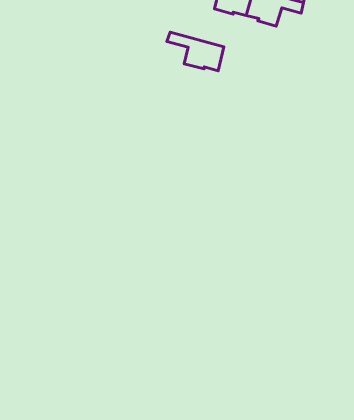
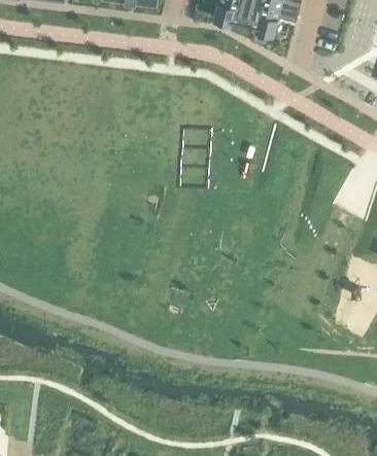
building: [167,32,224,71] -> none

